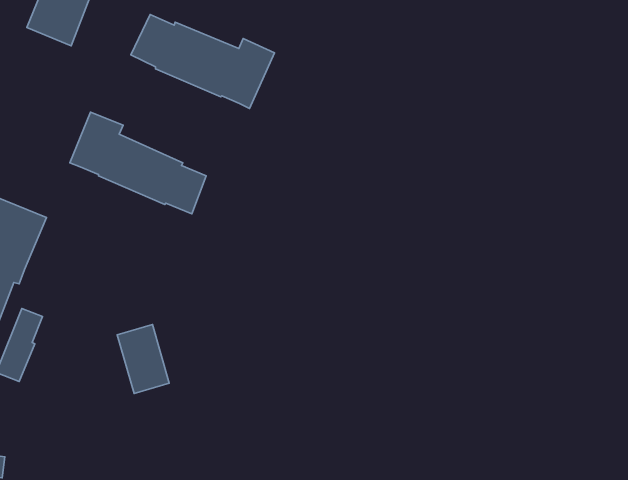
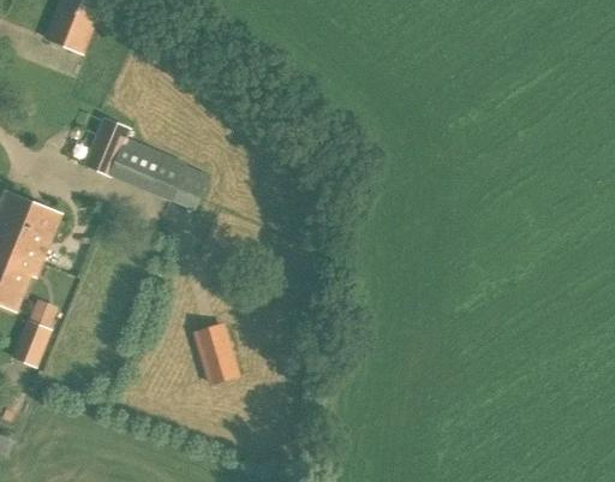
building: [131,15,274,109] -> none
building: [117,325,169,393] -> [192,321,240,385]

